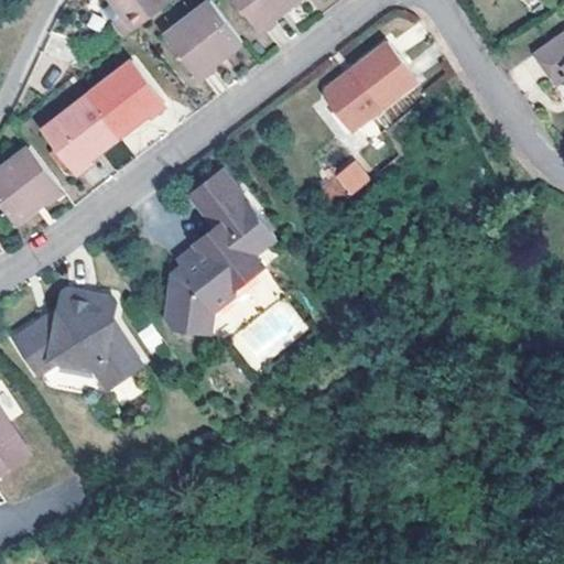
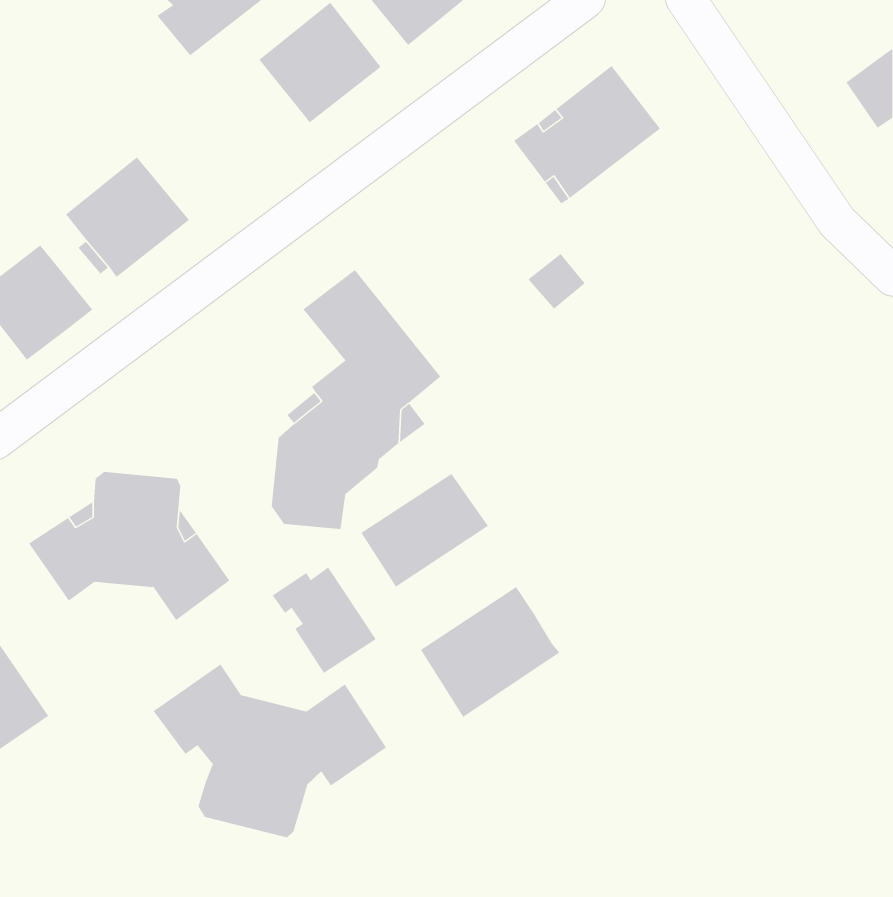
building: [86,63,162,138] -> none
building: none -> [272,566,377,674]
building: none -> [420,586,560,718]
building: none -> [153,663,387,838]

